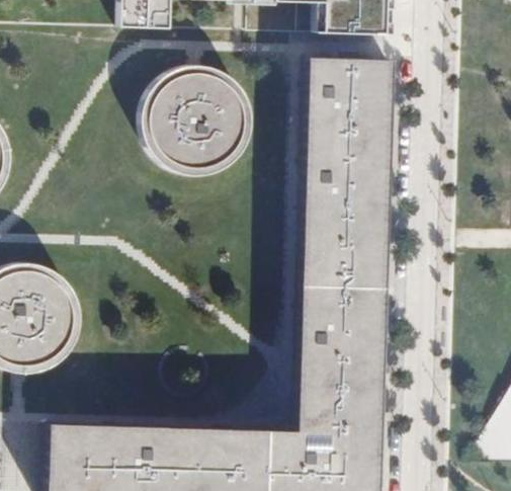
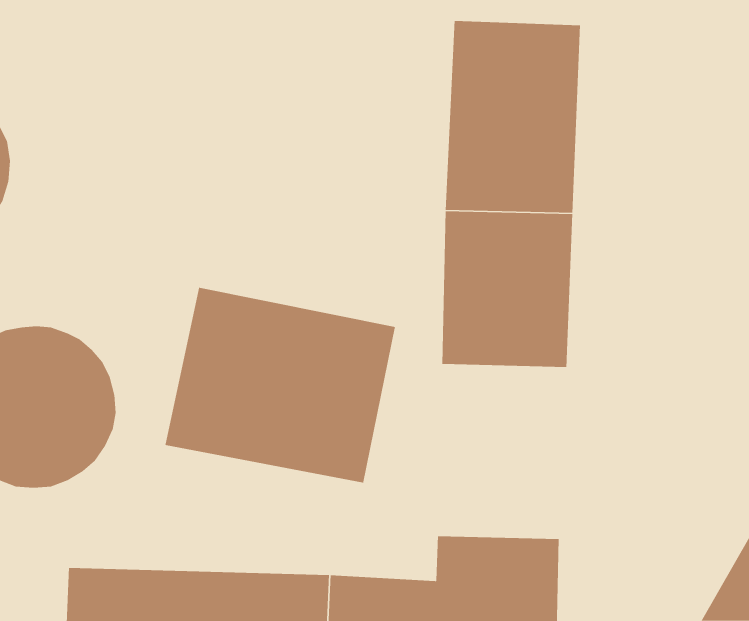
building: [141,63,251,173] -> none
building: none -> [165,287,396,483]
building: [295,288,382,404] -> none

